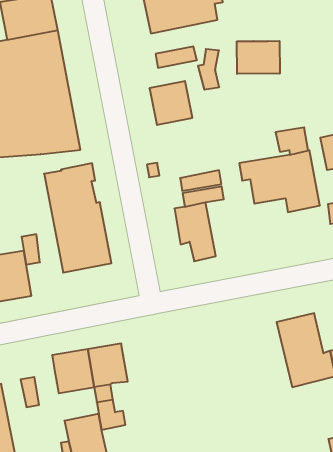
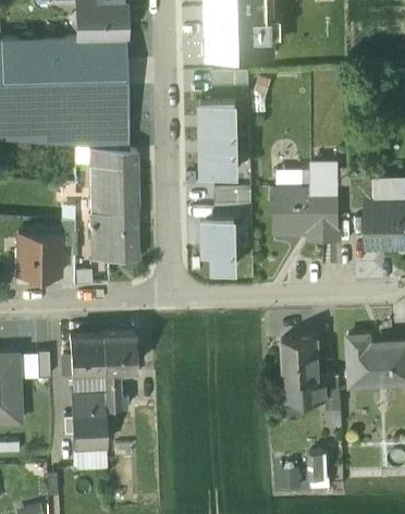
building: [237,41,280,74] -> none
building: none -> [201,139,236,175]
building: none -> [90,149,137,168]

